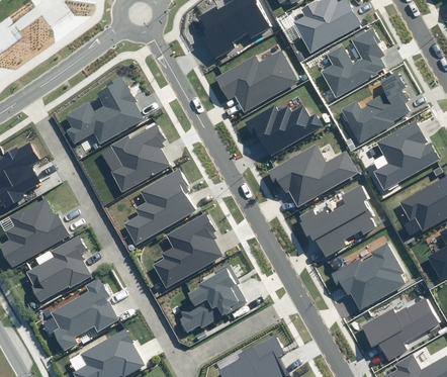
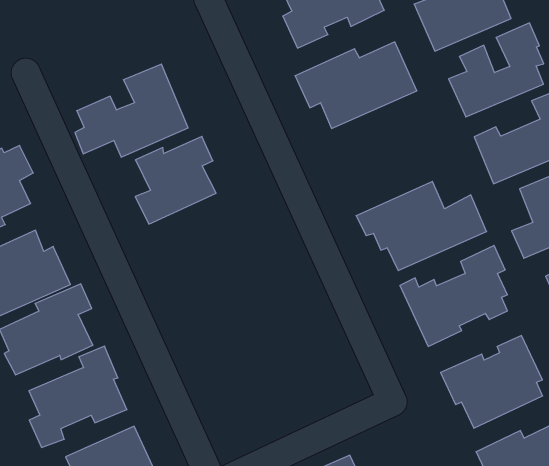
building: [243,104,322,156] -> none
building: [122,167,194,245] -> none
building: [152,212,222,289] -> none
building: [180,260,249,332] -> none

